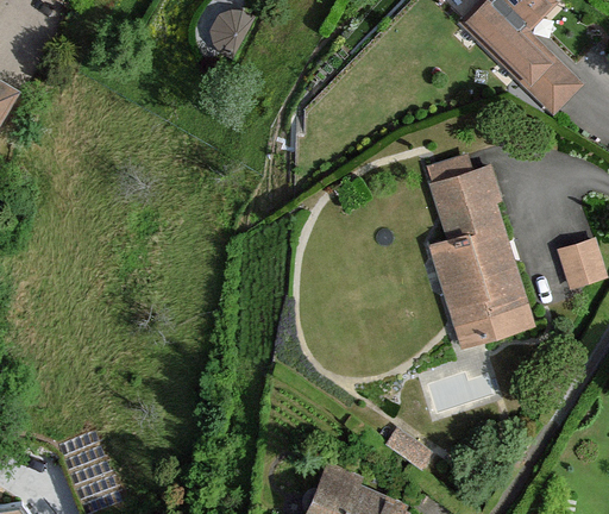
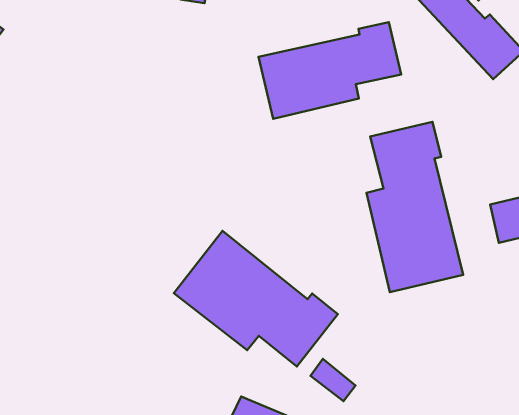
building: none -> [259,22,401,119]
building: none -> [174,231,338,367]

